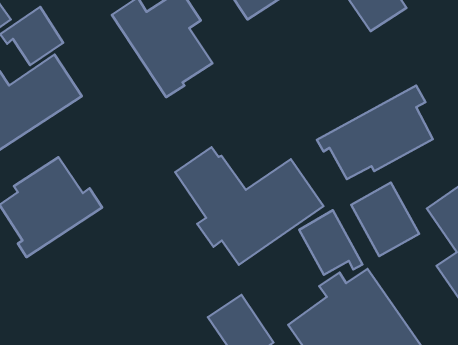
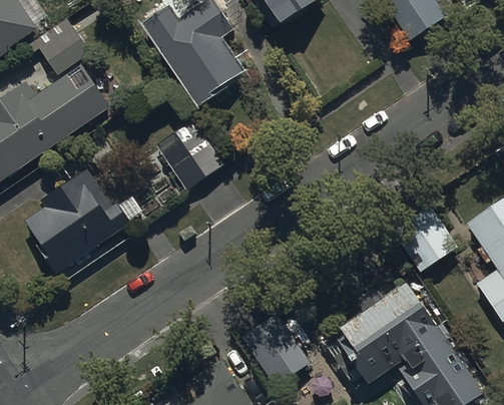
building: [317,85,433,179] -> none
building: none -> [160,125,225,189]
building: [175,147,323,265] -> none
building: [299,210,363,275] -> none

